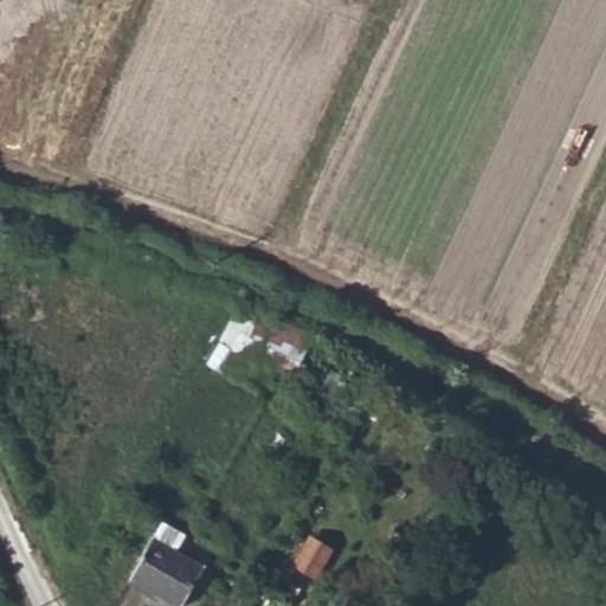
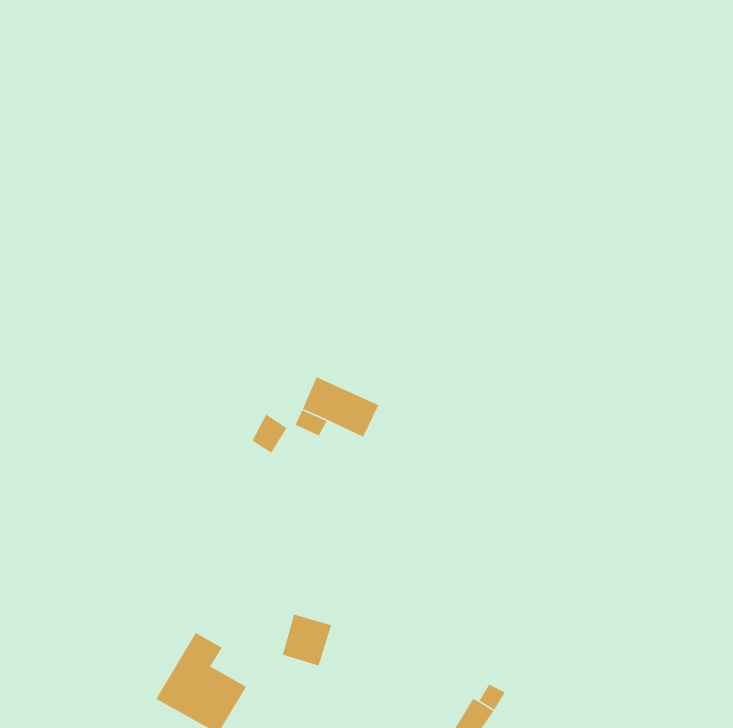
building: [291,536,333,580] -> [282,613,332,666]

